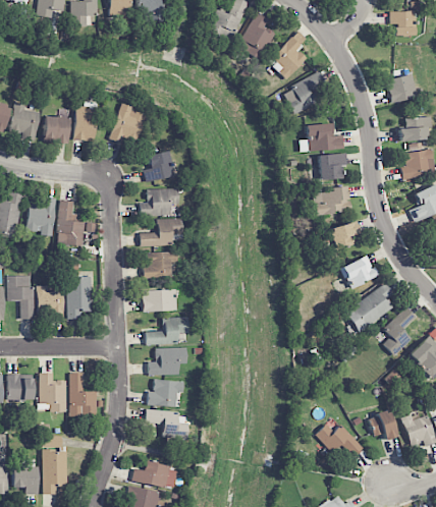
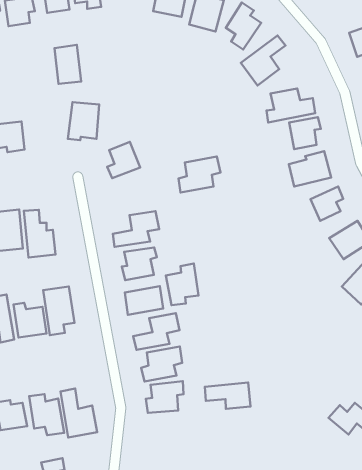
building: [74,106,97,140] -> [54,45,81,84]
building: [140,187,179,216] -> [178,157,220,193]
building: none -> [166,263,199,305]
building: [146,409,187,434] -> [205,383,251,409]

